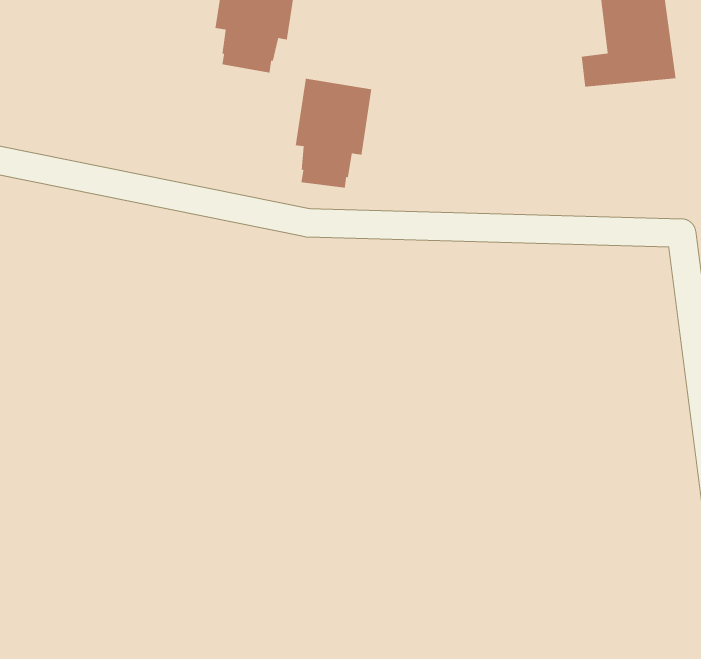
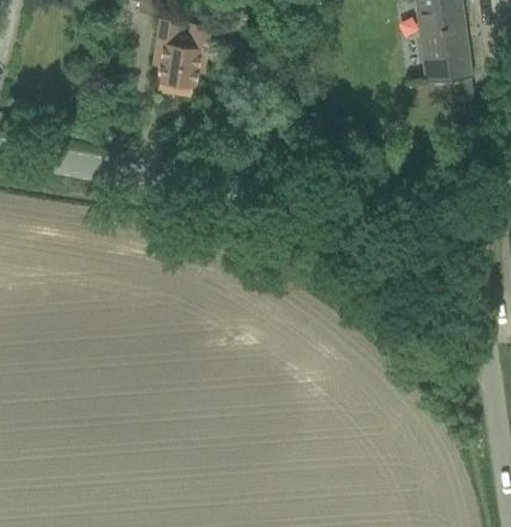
building: [295,78,372,188] -> none

